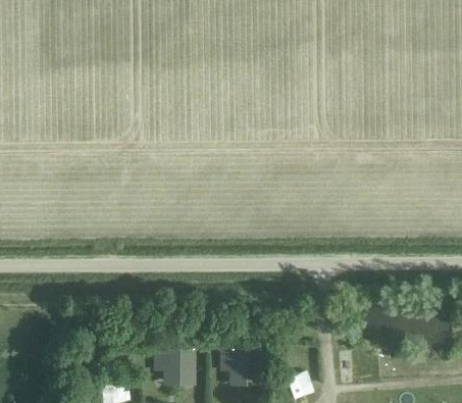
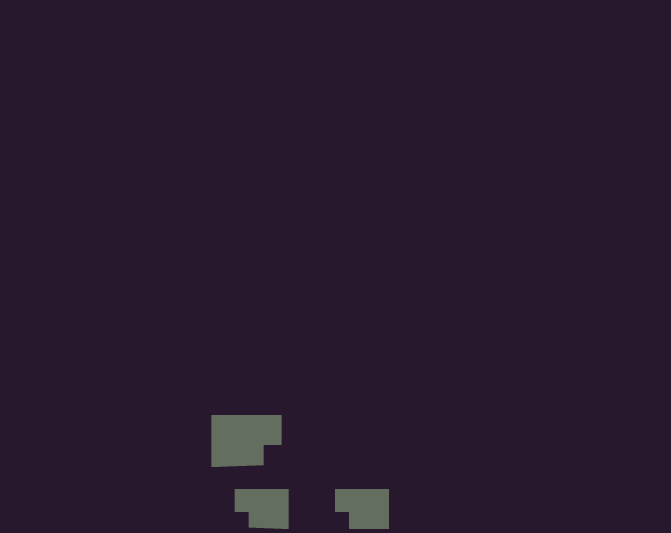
building: none -> [211,414,283,468]

